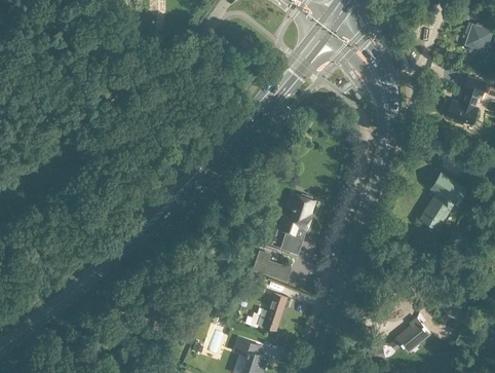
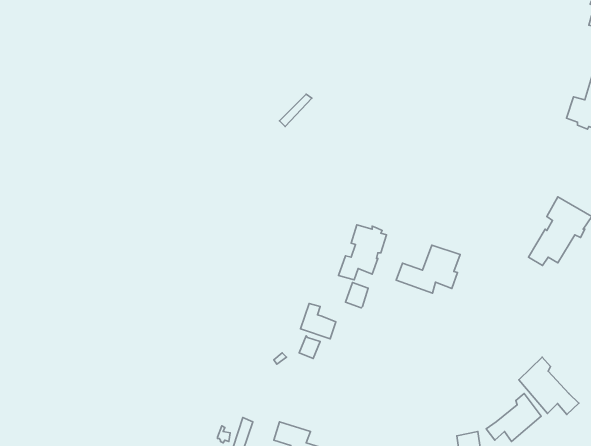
building: none -> [396,245,460,293]
building: none -> [519,357,579,415]
building: [259,293,289,331] -> none

